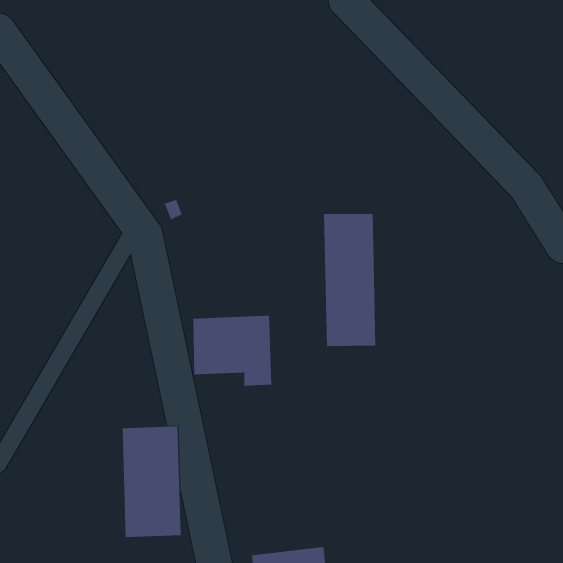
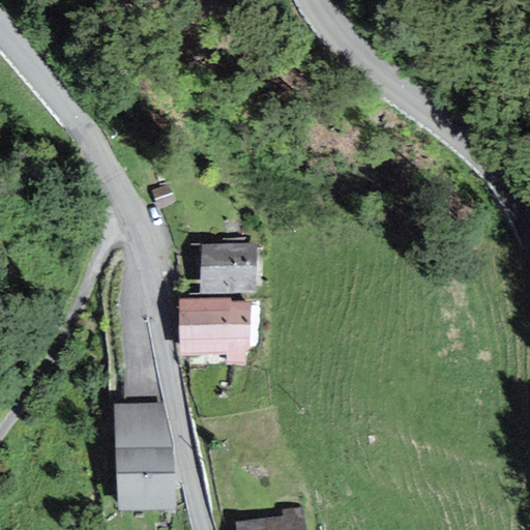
building: [323,213,376,347] -> none
building: none -> [205,244,253,291]

